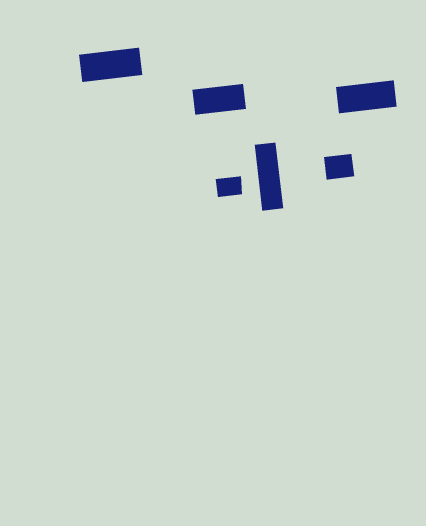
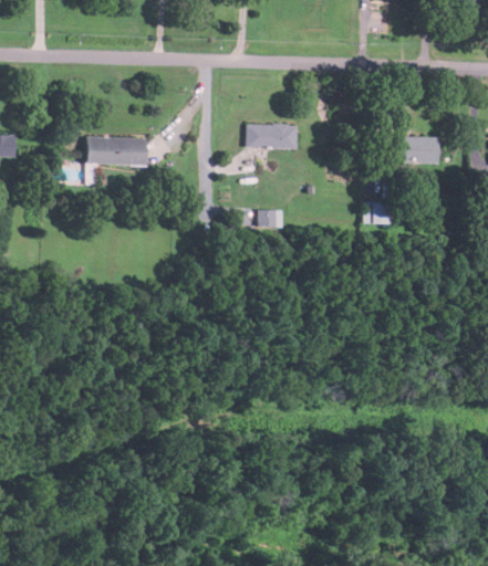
building: [78,47,143,82] -> [87,137,146,164]
building: [254,142,284,212] -> none

